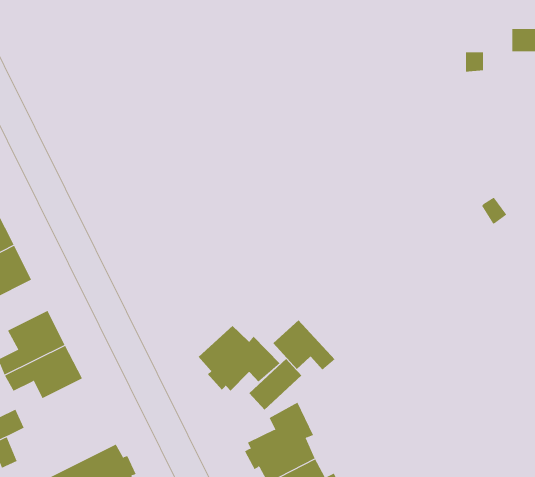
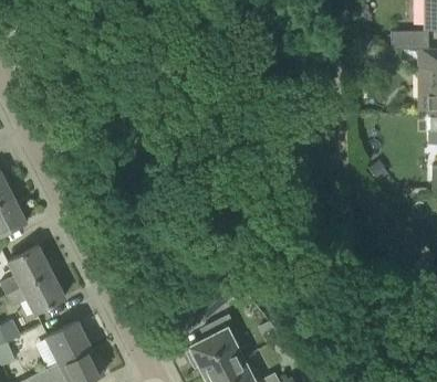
building: [272,320,336,371] -> none
building: [198,325,280,391] -> none
building: none -> [46,321,91,362]

